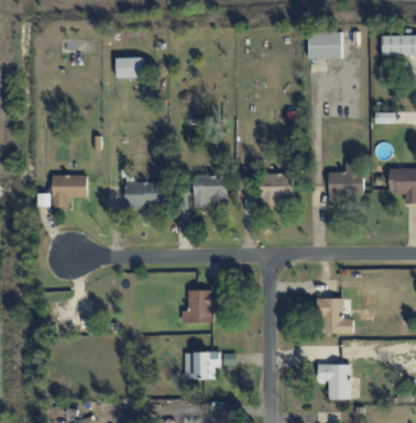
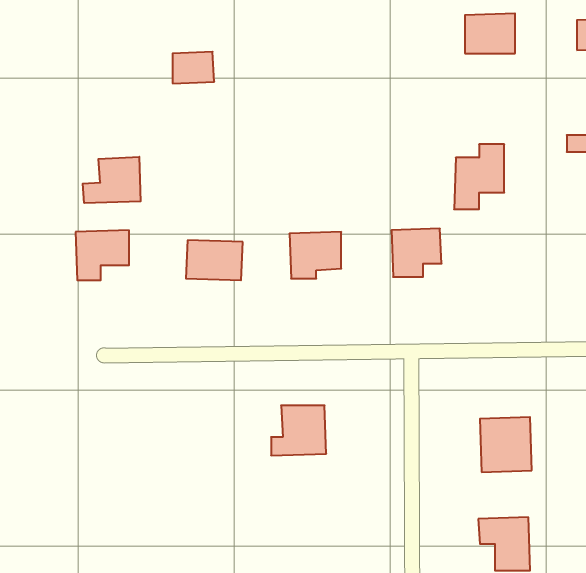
building: none -> [83,157,141,203]
building: [328,163,361,205] -> [454,144,504,209]
building: [184,352,220,379] -> none

